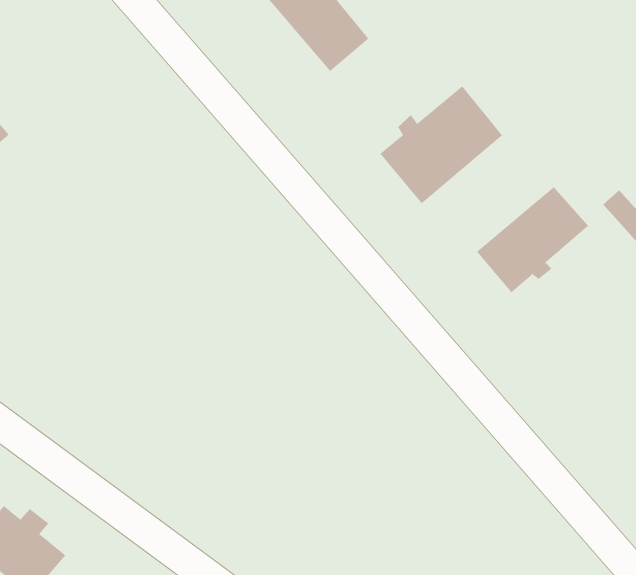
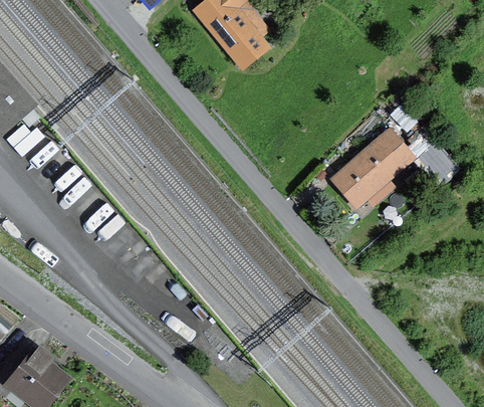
building: [379,85,503,204] -> none

